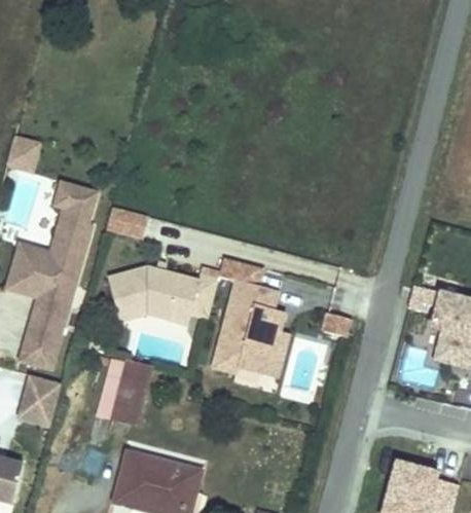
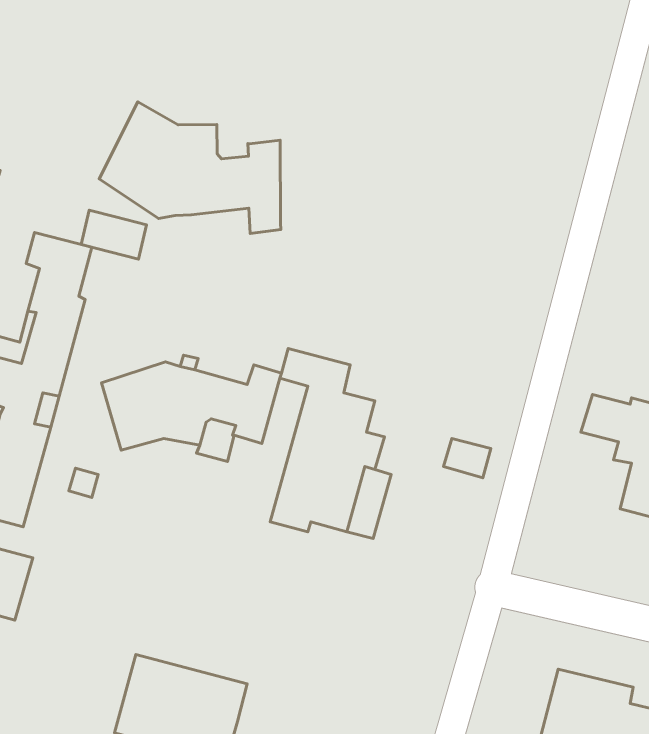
building: none -> [99,102,281,234]
building: [104,208,145,239] -> [81,210,147,259]
building: [95,359,148,425] -> none

